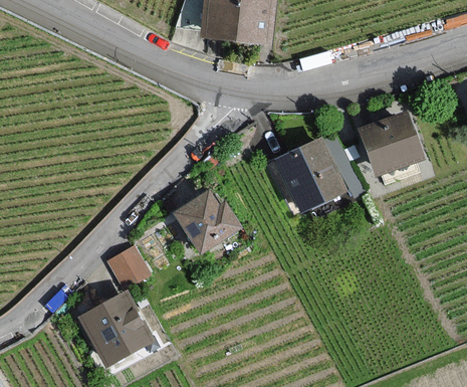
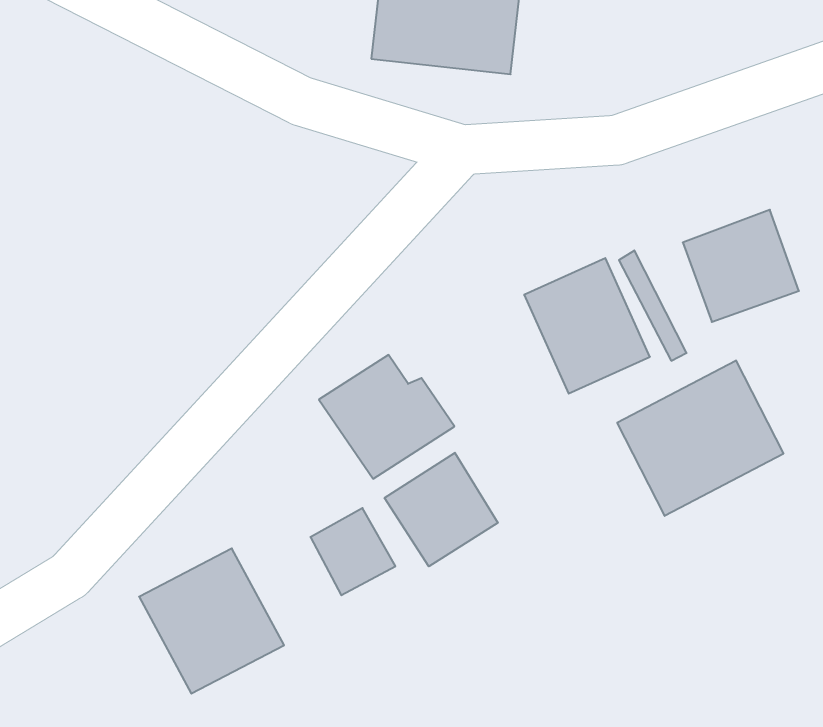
building: none -> [617,360,783,516]
building: none -> [385,453,498,566]
building: [106,245,151,291] -> [310,508,395,595]

